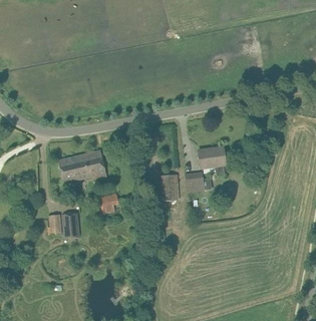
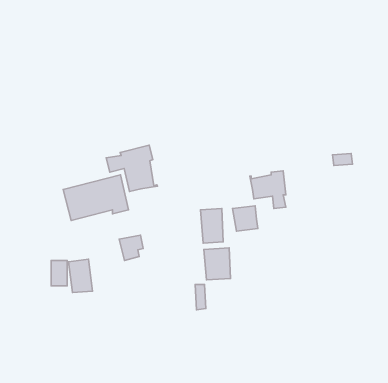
building: none -> [106,145,157,192]
building: none -> [204,248,231,280]

